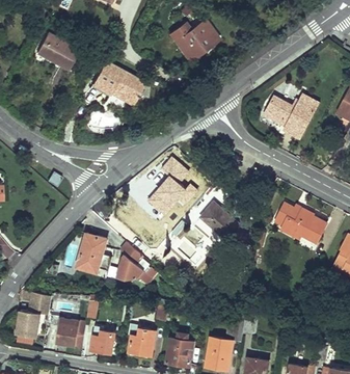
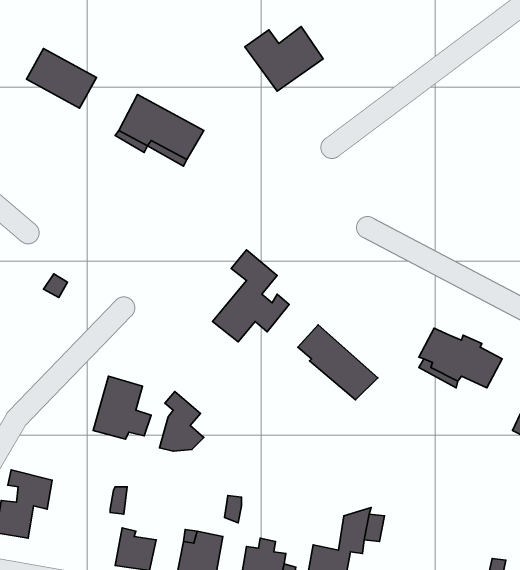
building: [266,96,318,137] -> none
building: [56,320,85,347] -> none

